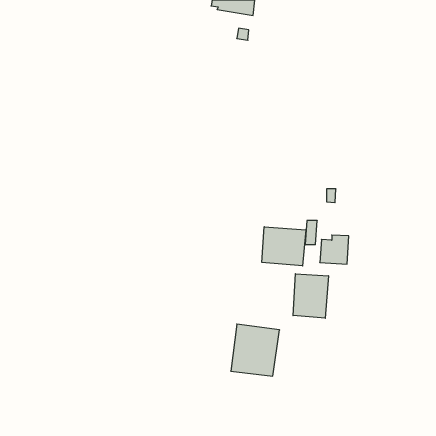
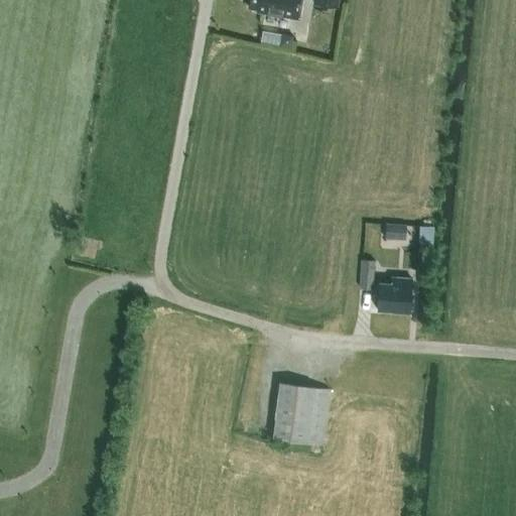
building: [262,227,306,266] -> none
building: [293,274,328,318] -> none

